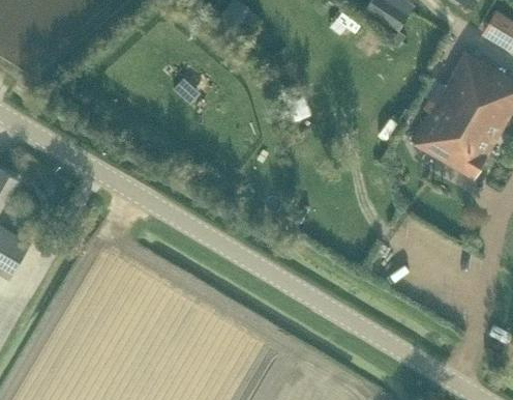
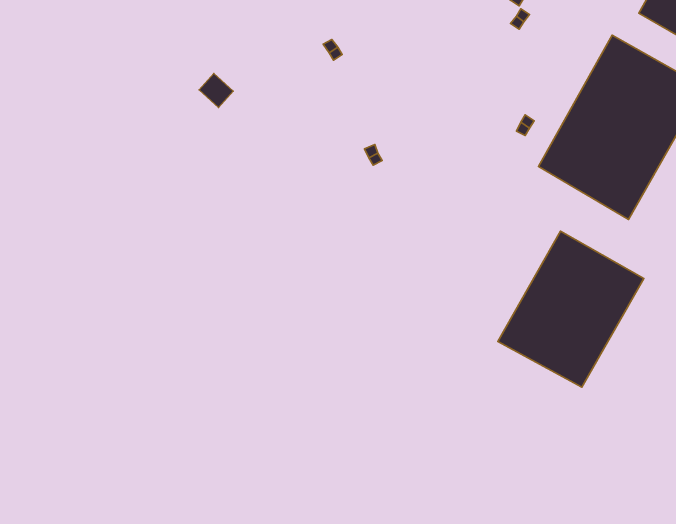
building: none -> [498,231,644,387]

